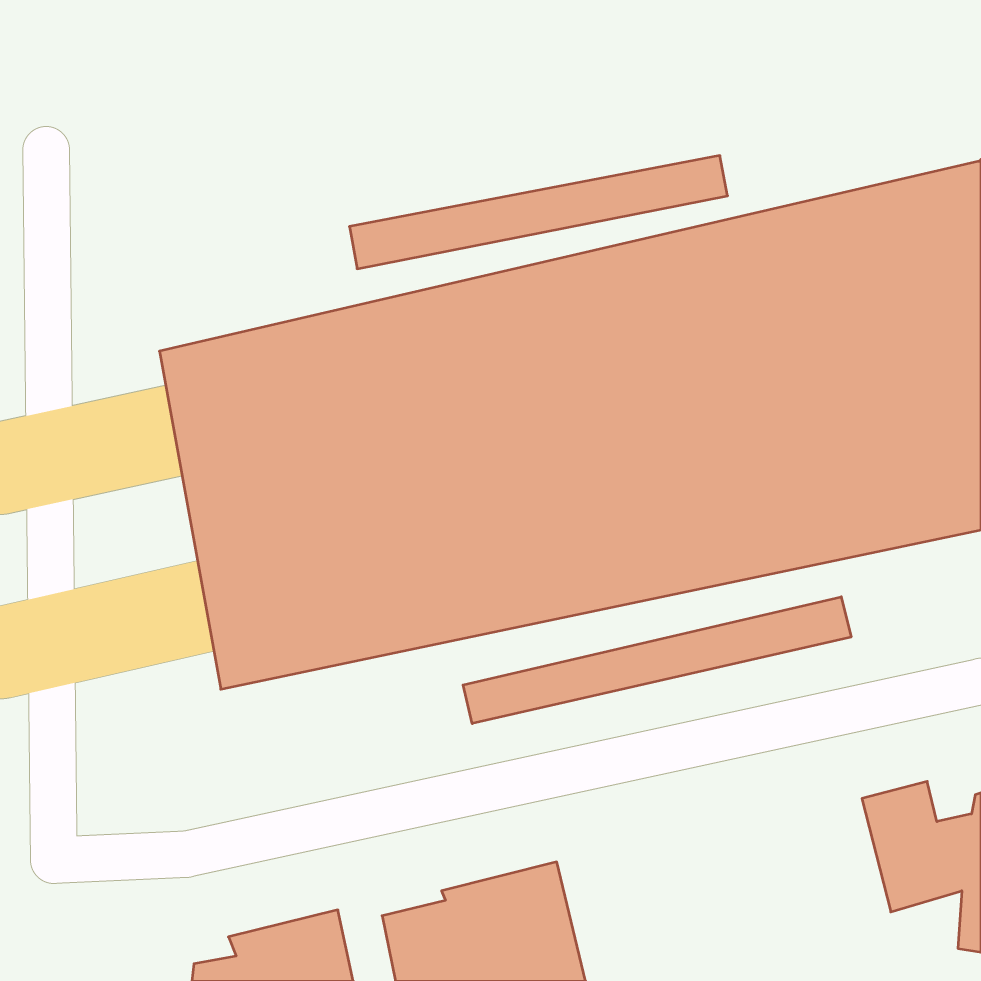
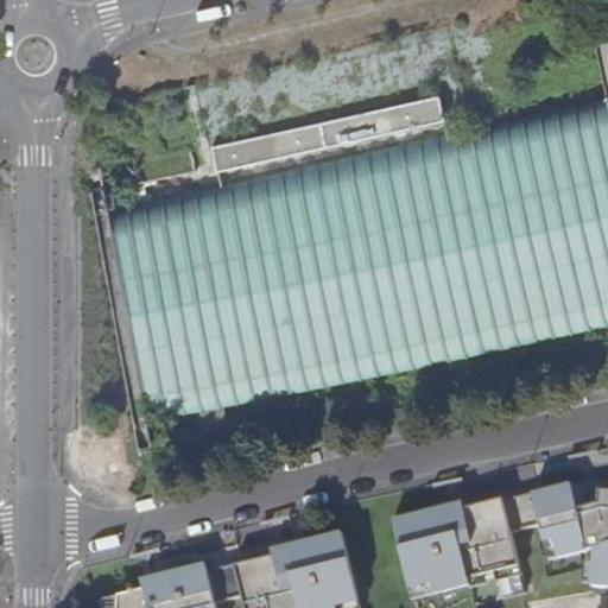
building: [463,597,851,724] -> none
building: none -> [397,500,524,602]

